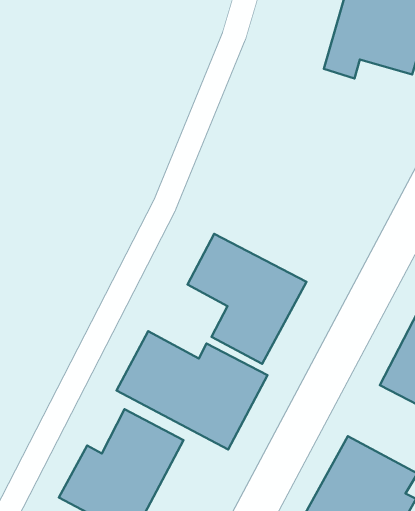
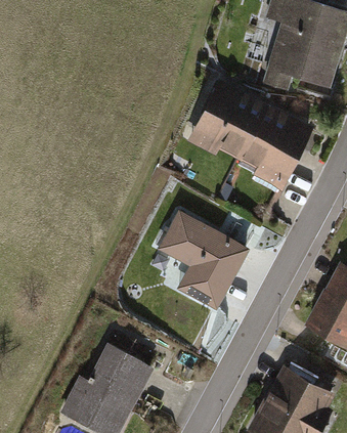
building: none -> [183,78,314,192]
building: [116,331,267,450] -> none

